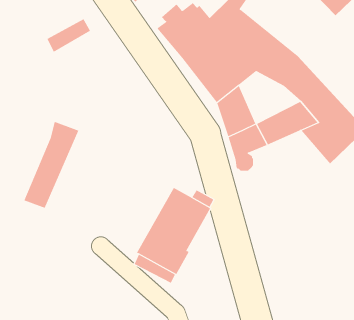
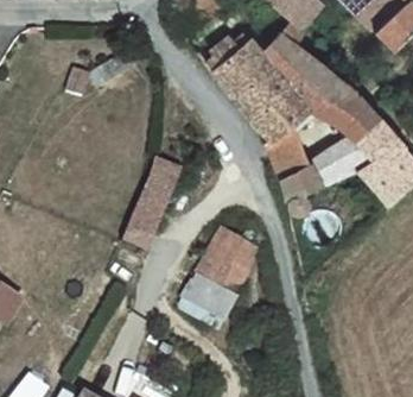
building: [24,121,79,209] -> [122,158,180,250]

